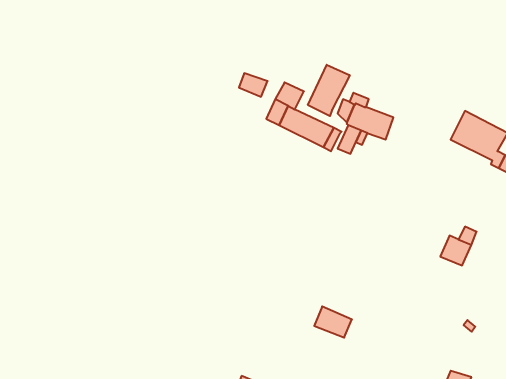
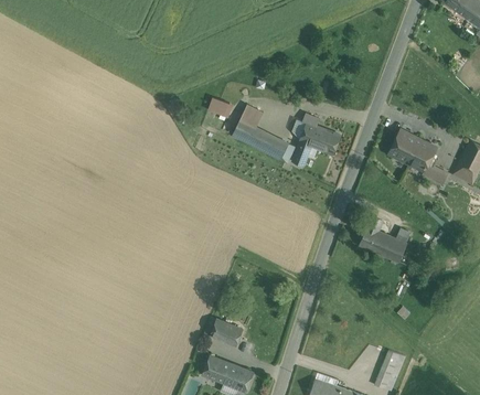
building: [308,65,350,116] -> none
building: none -> [361,217,387,254]
building: [314,306,352,338] -> [211,319,243,345]

